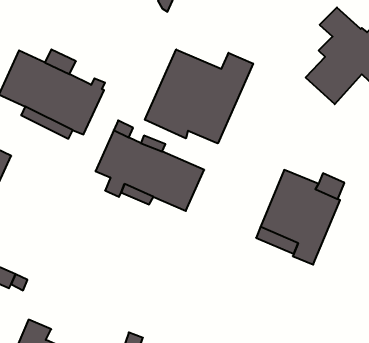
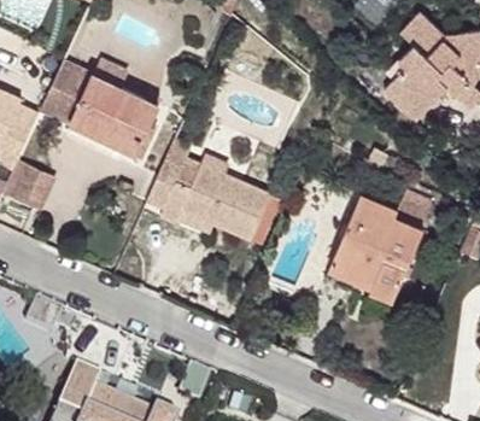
building: [145,49,253,143] -> none

